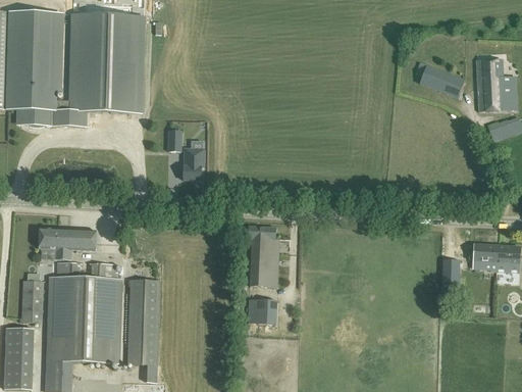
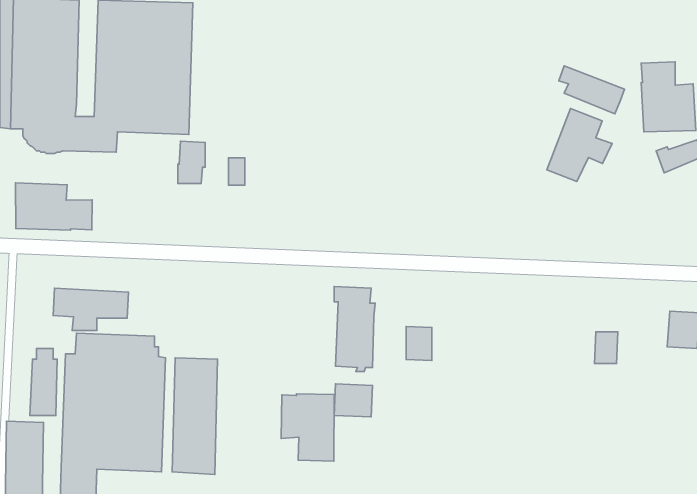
building: none -> [547,108,612,182]
building: [184,147,204,179] -> [178,141,205,184]
building: none -> [16,183,92,230]
building: [473,243,499,271] -> none
building: none -> [406,327,432,360]
building: none -> [281,394,334,461]

